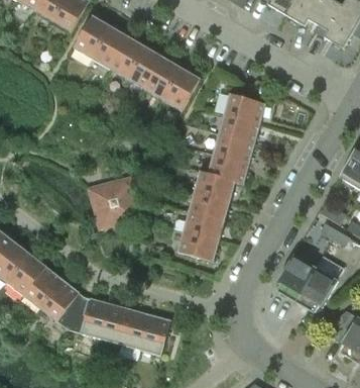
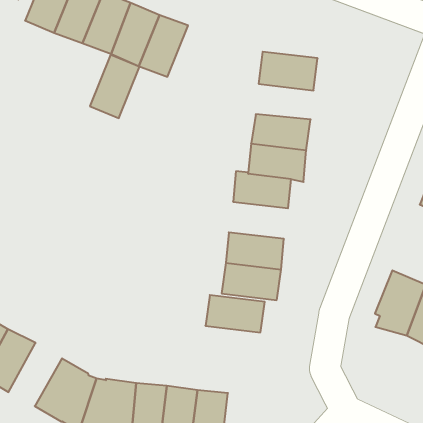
building: [162,68,200,111] -> [90,55,140,118]
building: [218,114,259,143] -> none
building: [90,179,137,226] -> none
building: [188,191,230,221] -> [205,295,265,332]
building: [23,266,63,308] -> none

